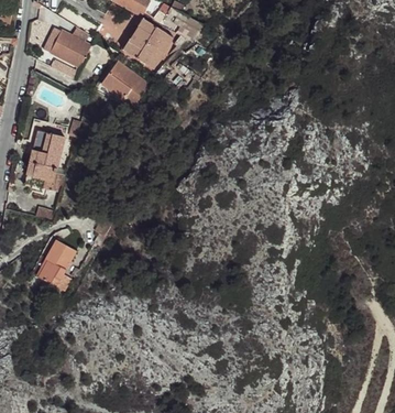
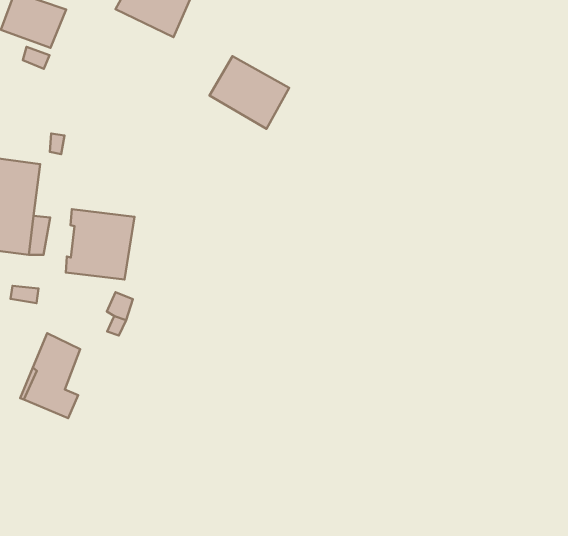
building: [100,61,149,107] -> [210,56,289,129]
building: none -> [66,209,134,280]

